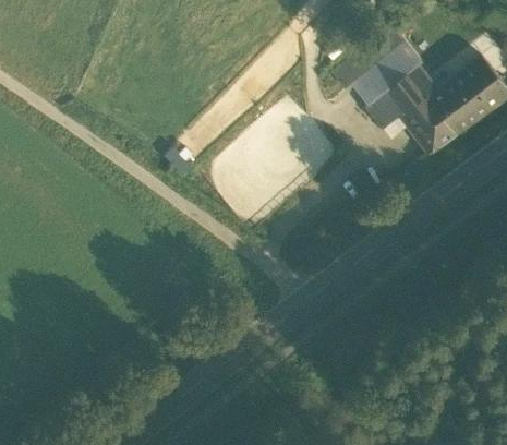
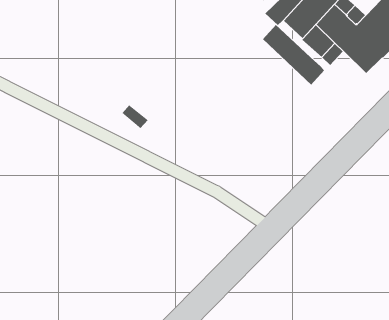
building: none -> [262,24,325,85]

